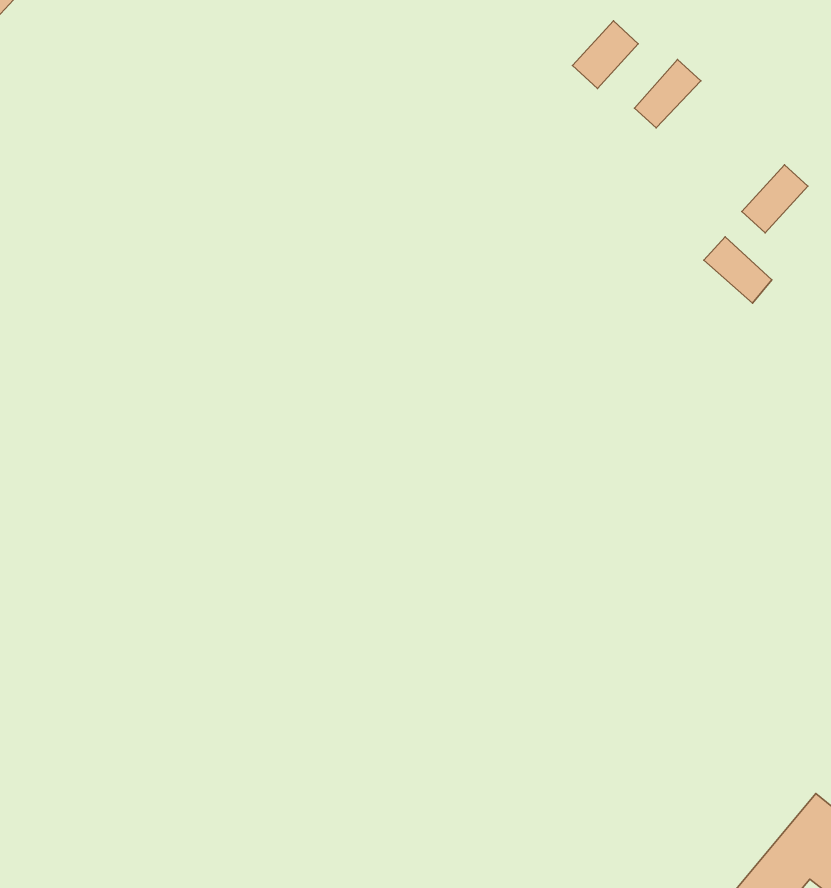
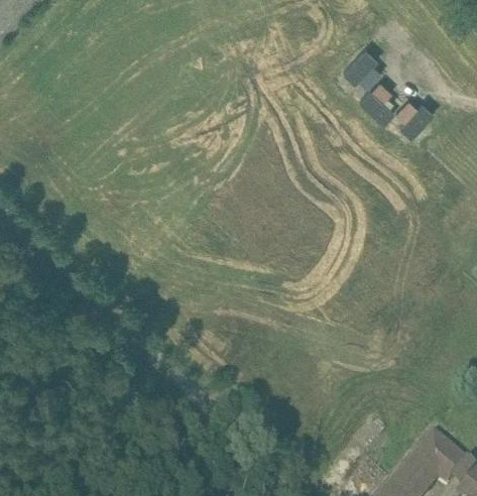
building: [573,21,638,88] -> none
building: [704,237,772,303] -> [356,88,391,122]

